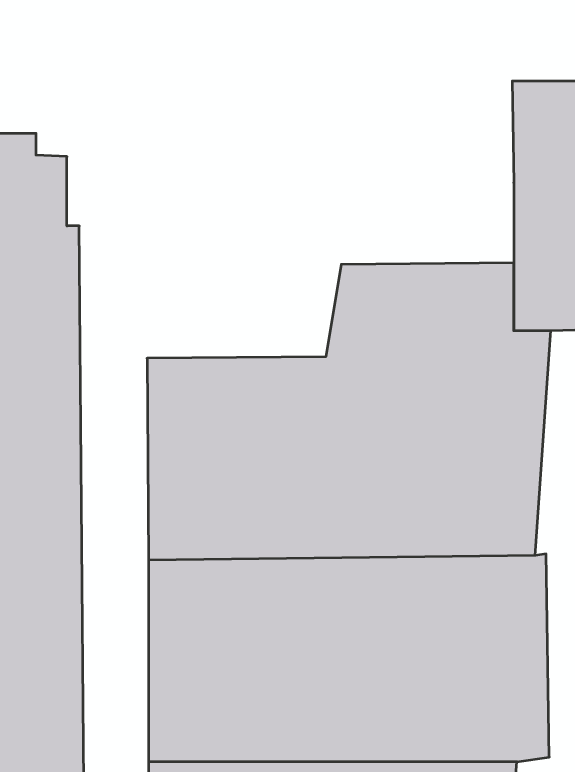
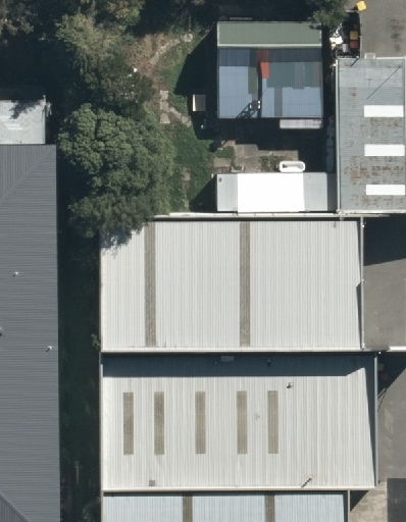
building: none -> [217,24,343,125]

